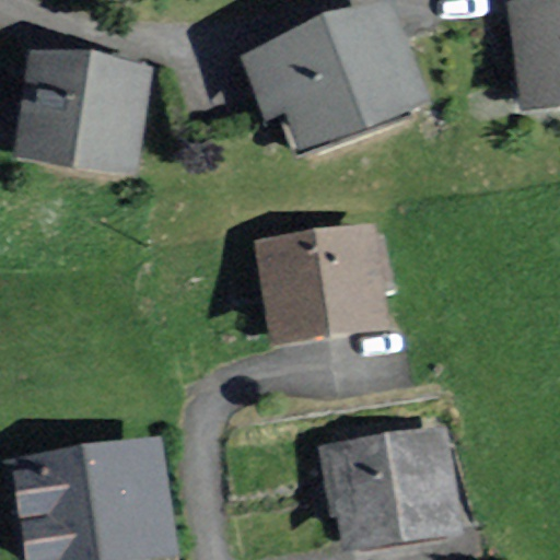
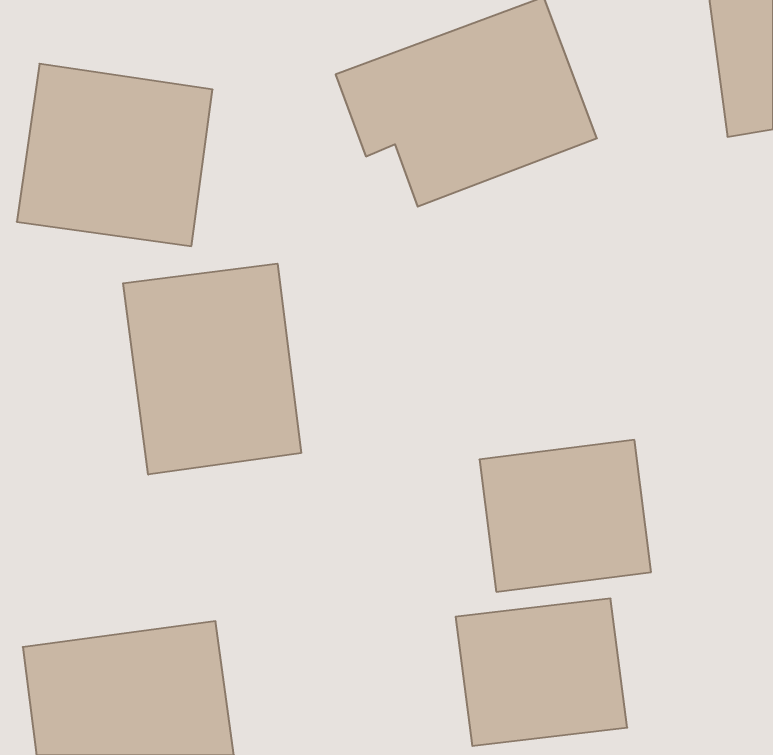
building: none -> [123,264,301,475]
building: [260,224,384,334] -> [479,440,651,592]

